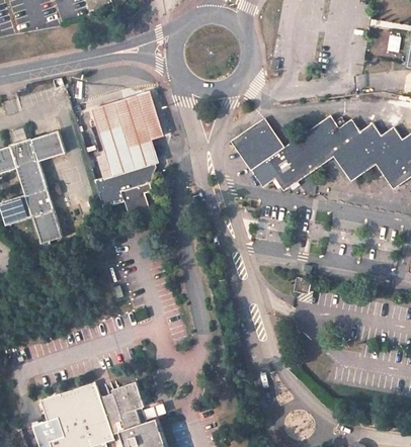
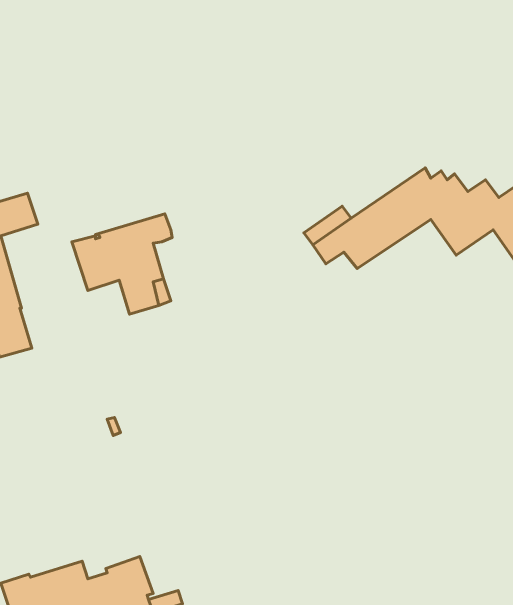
building: [89,92,162,162] -> none
building: [236,126,273,161] -> none

